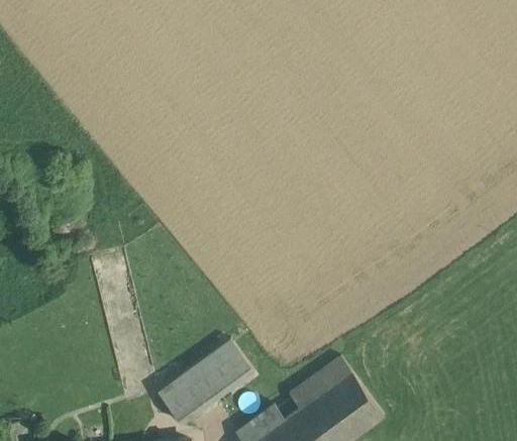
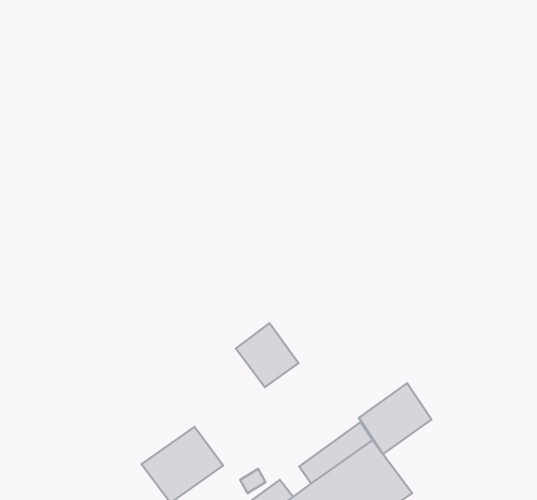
building: none -> [359,383,431,454]
building: [200,339,252,393] -> [236,323,298,387]

